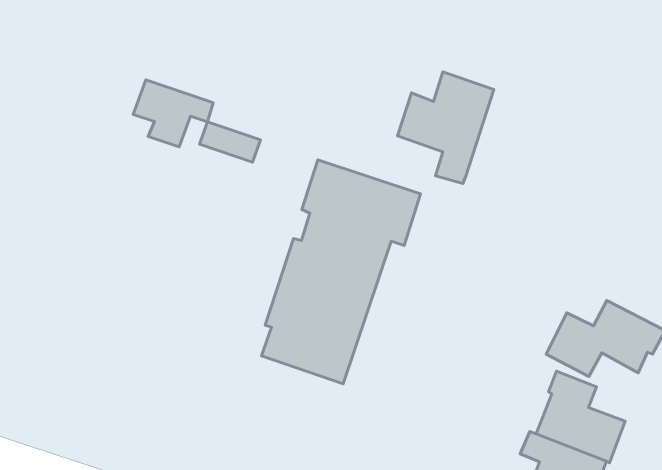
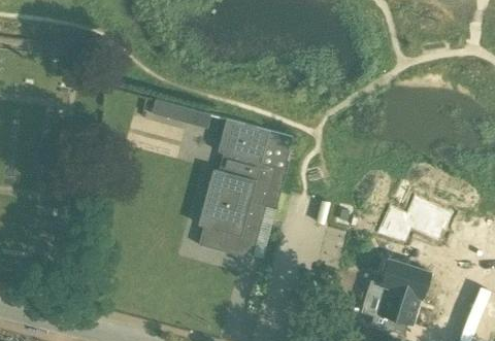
building: [397,72,494,184] -> none
building: [133,80,213,147] -> none

